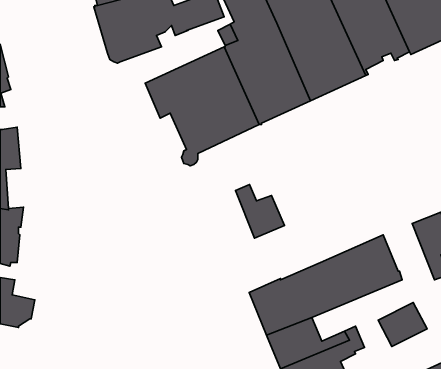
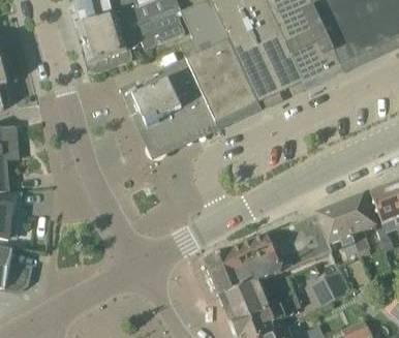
building: [235,184,284,238] -> none
building: none -> [316,205,359,256]

